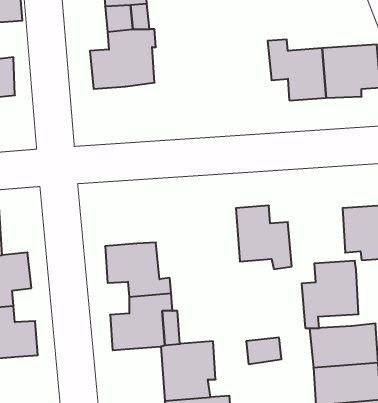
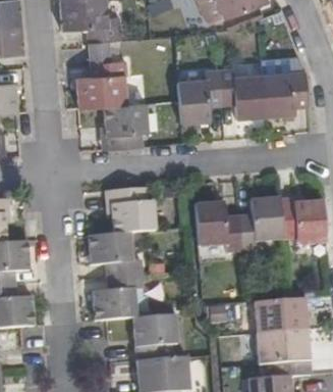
building: none -> [177,68,222,120]
building: none -> [105,100,150,147]
building: none -> [111,188,154,232]
building: [302,261,359,328] -> [235,196,281,250]

